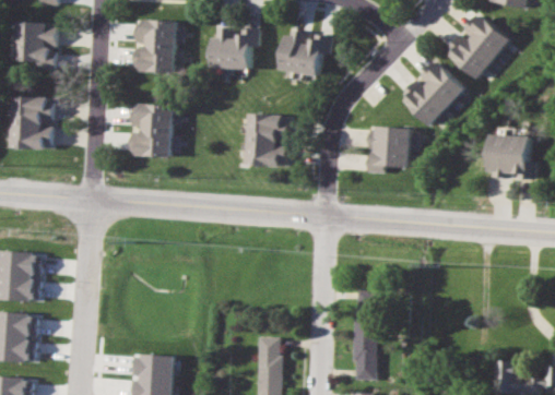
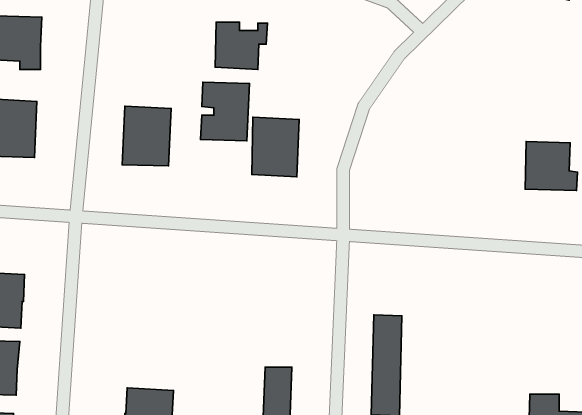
building: [447,13,511,80] -> none
building: [133,20,177,72] -> [201,82,249,141]
building: [280,32,332,76] -> none
building: [401,60,467,125] -> none
building: [368,127,412,172] -> none

